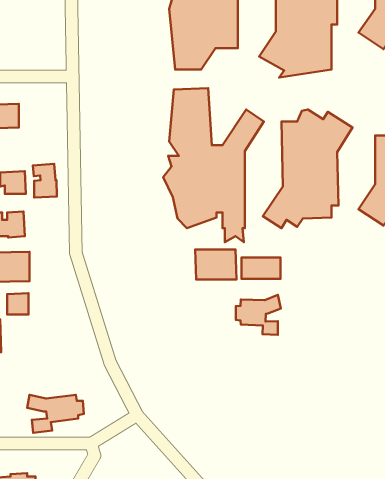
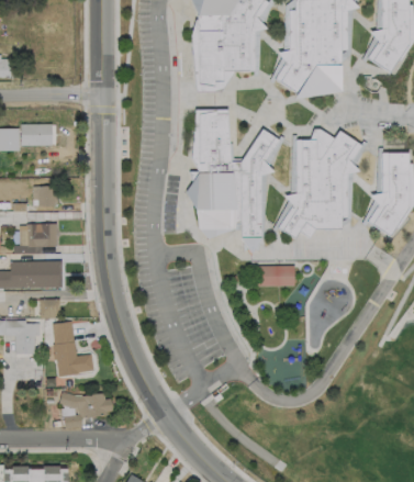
building: [33,164,57,197] -> none
building: [195,250,236,280] -> none
building: [236,295,281,335] -> none
building: none -> [54,322,92,377]

